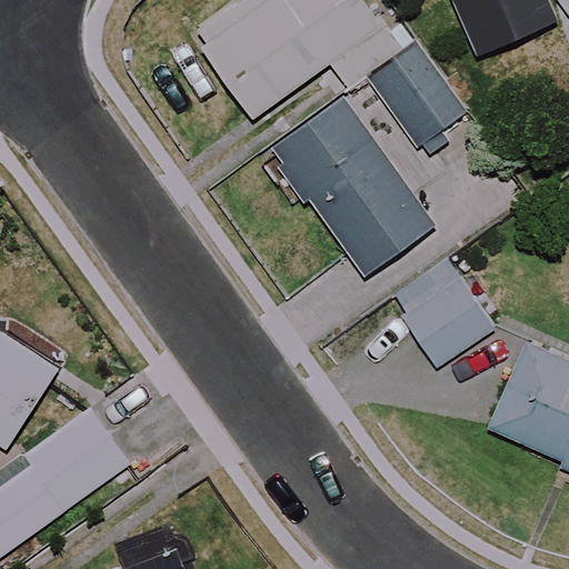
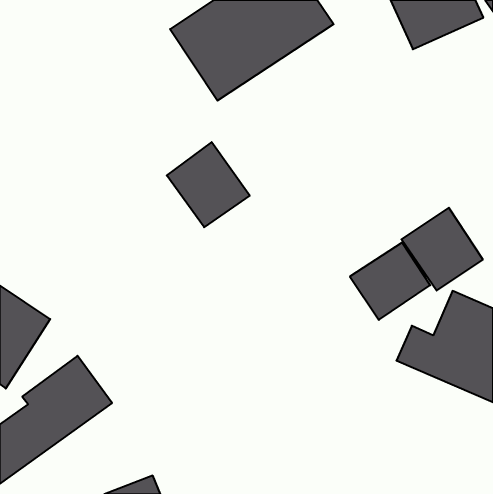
building: [261,41,465,276] -> none
building: none -> [167,142,250,227]
building: none -> [401,208,483,291]

